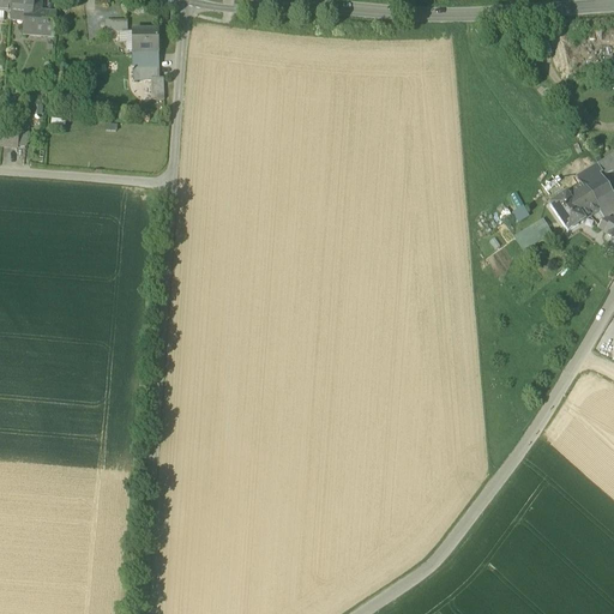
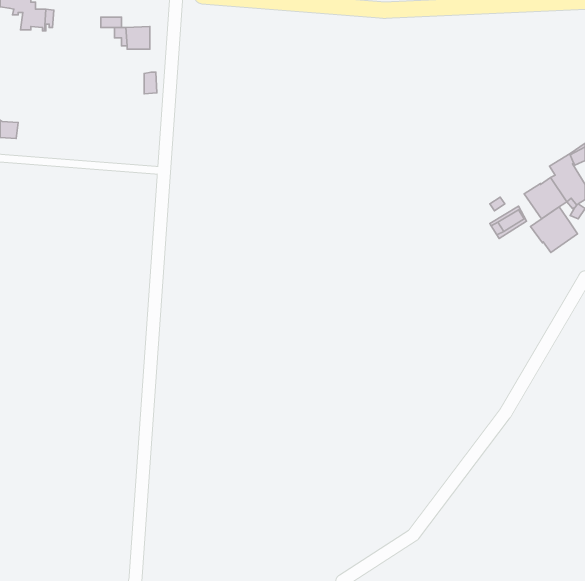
building: [133,52,158,78] -> none
building: none -> [531,207,578,253]

